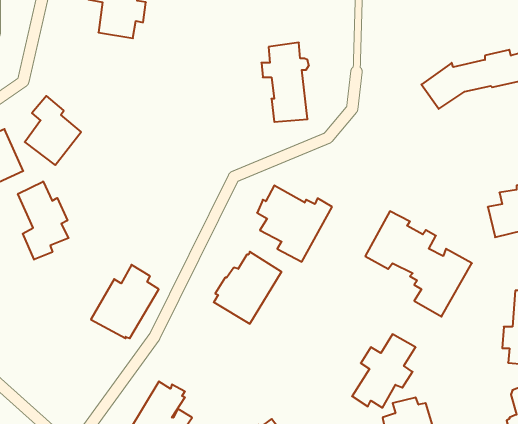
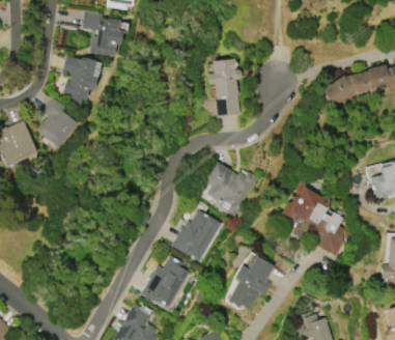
building: none -> [62,56,101,106]
building: [18,181,69,260] -> none
building: [91,265,159,338] -> [141,255,190,308]
building: [352,334,416,408] -> [228,256,274,309]

